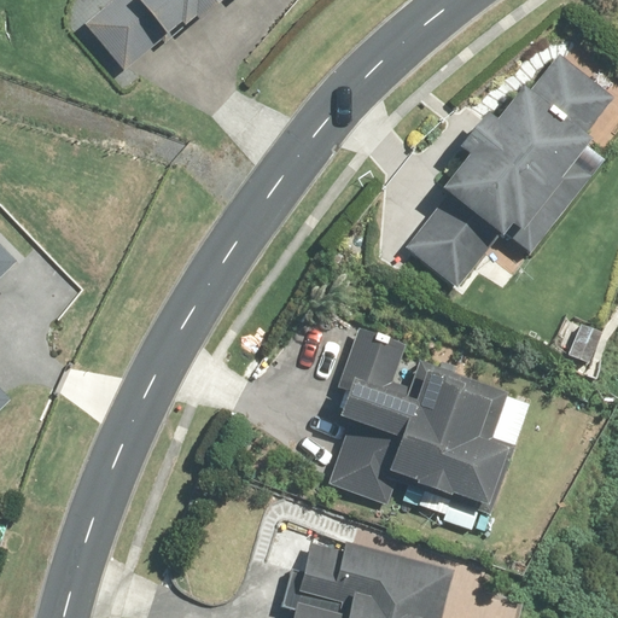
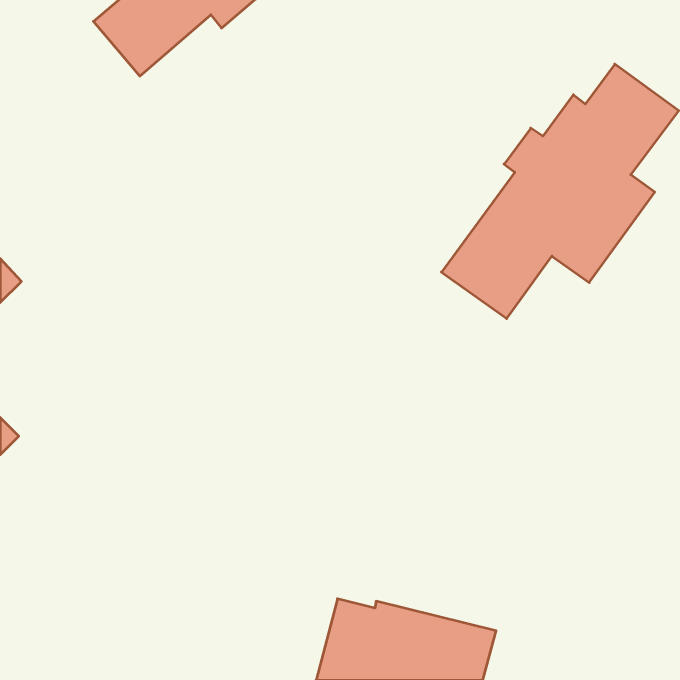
building: [328,322,527,513] -> none

